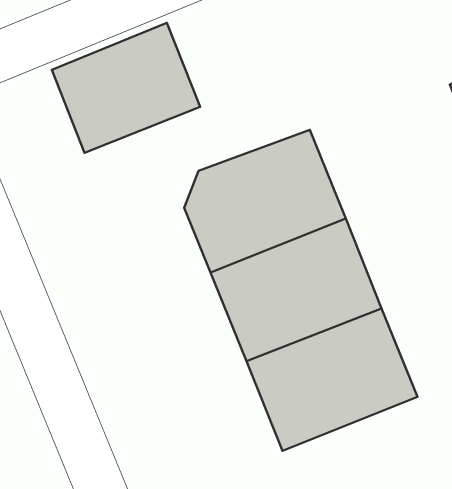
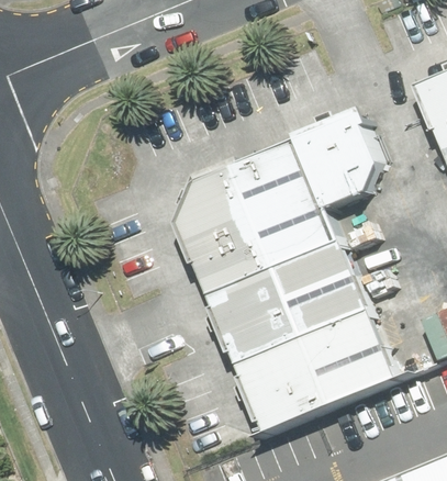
building: [52,23,200,153] -> none
building: none -> [293,113,382,201]

